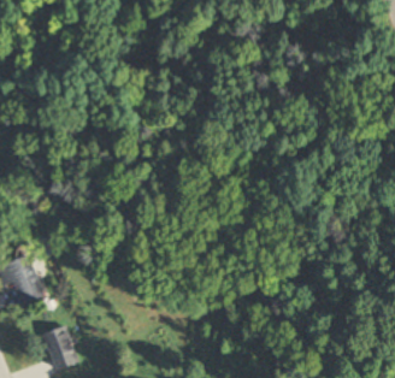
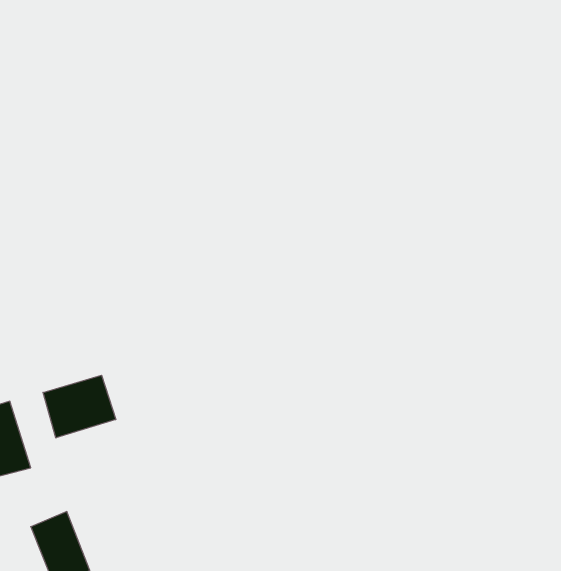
building: none -> [43,375,116,438]

